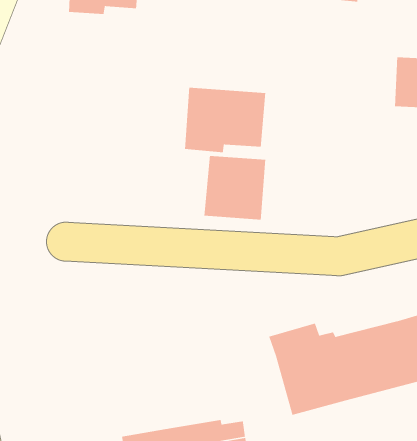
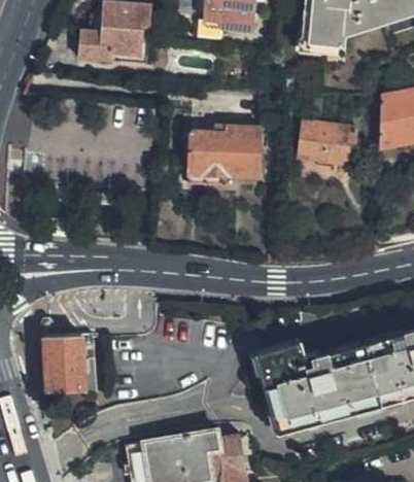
building: none -> [302,123,357,162]
building: [203,155,266,220] -> none
building: none -> [43,332,97,394]

